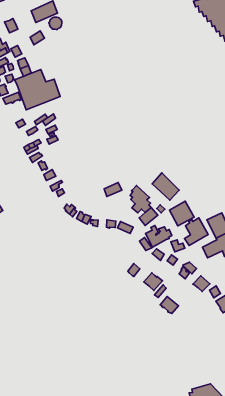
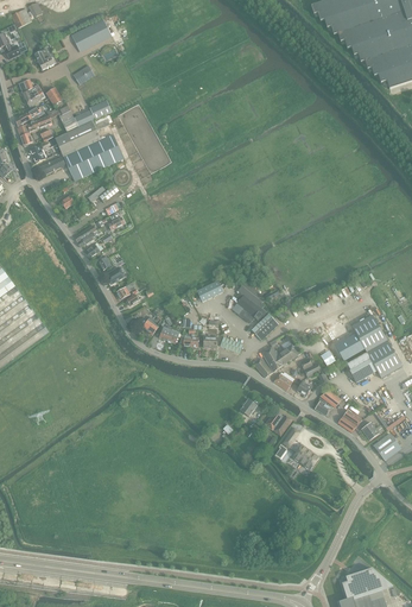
building: [152,173,179,200] -> none
building: [170,201,194,226] -> none

